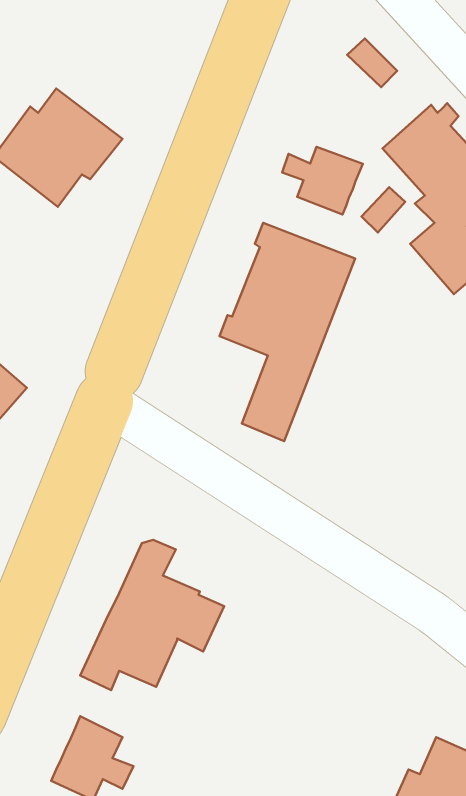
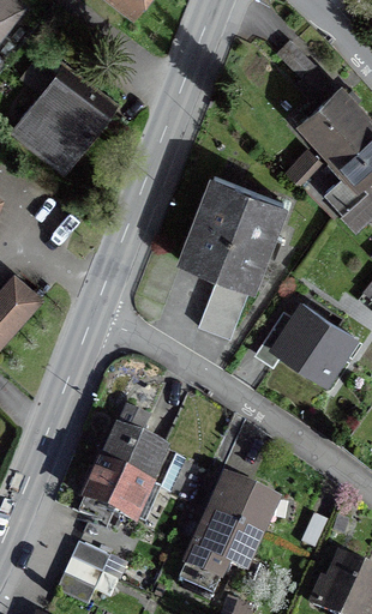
building: [282,147,363,214] -> none
building: none -> [256,305,352,377]
building: none -> [182,480,275,596]

